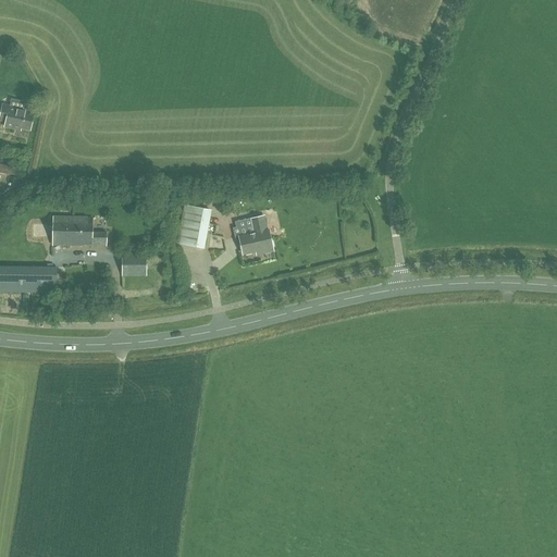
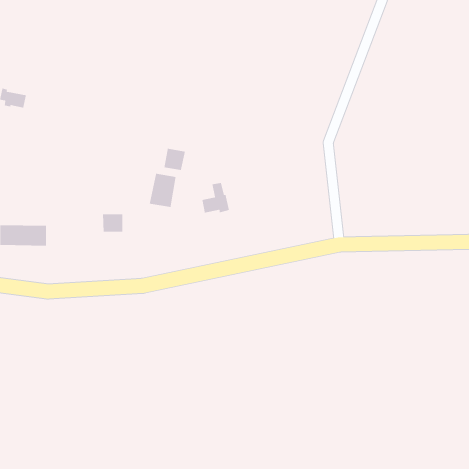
building: none -> [164,148,186,171]
building: [52,215,106,245] -> none

